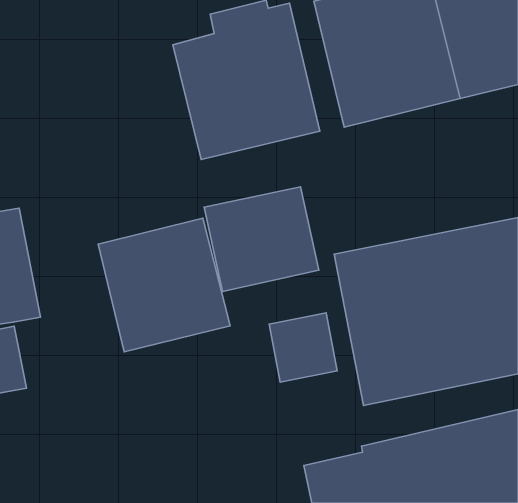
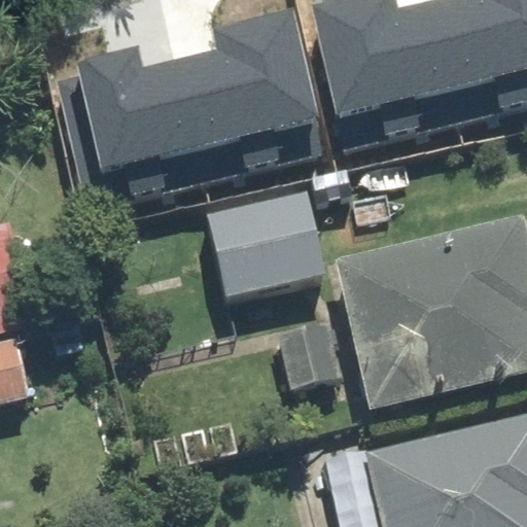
building: none -> [56,35,204,189]
building: [98,218,230,352] -> none

